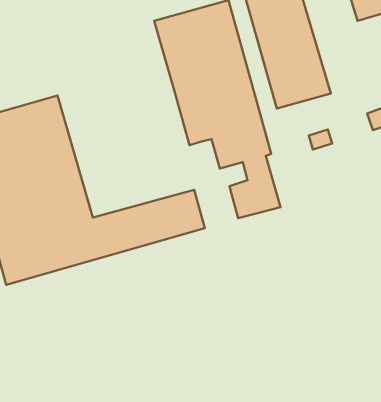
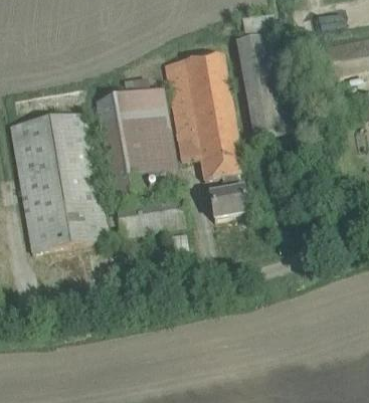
building: none -> [95,77,177,196]

